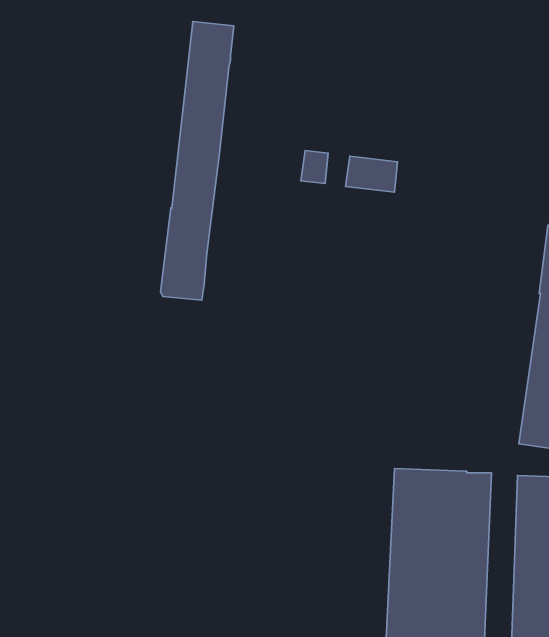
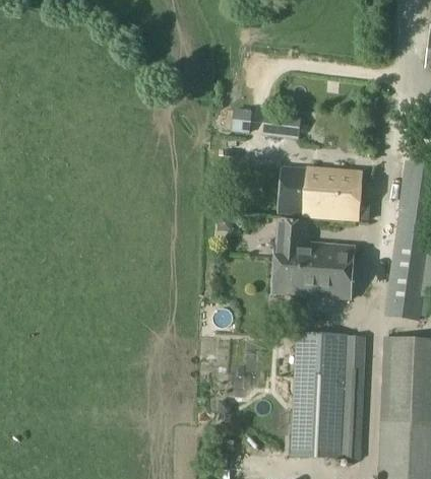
building: [160,22,234,300] -> none
building: none -> [279,165,371,218]
building: none -> [272,219,353,298]

